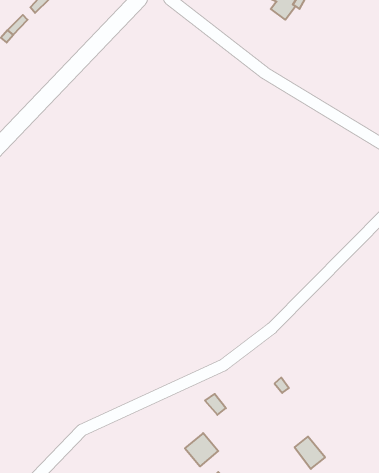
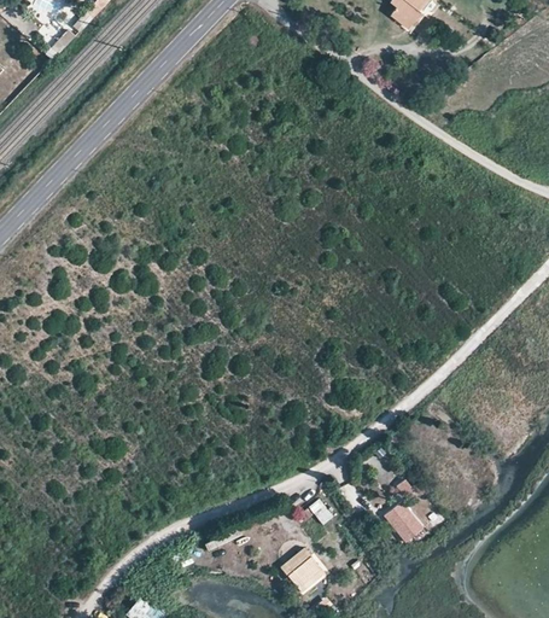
building: [295,437,325,469] -> [385,501,424,542]

